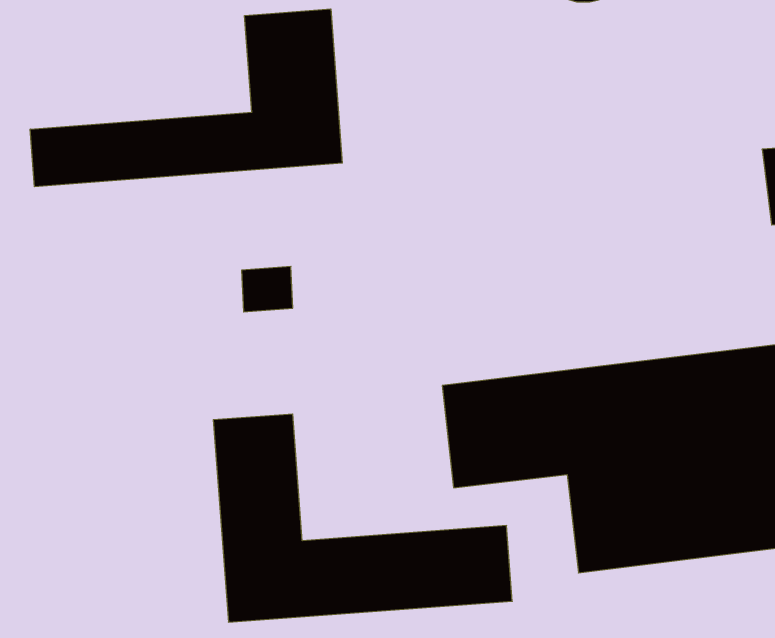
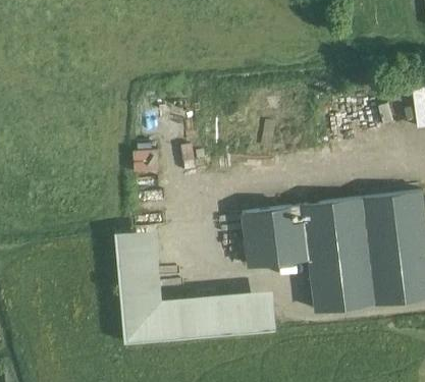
building: [30,9,342,187] -> none

